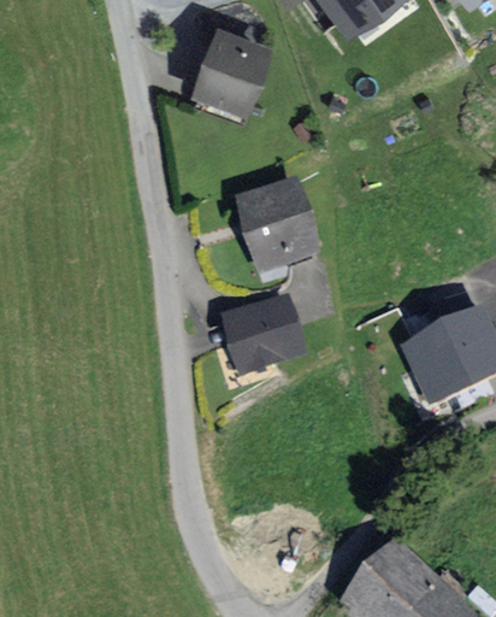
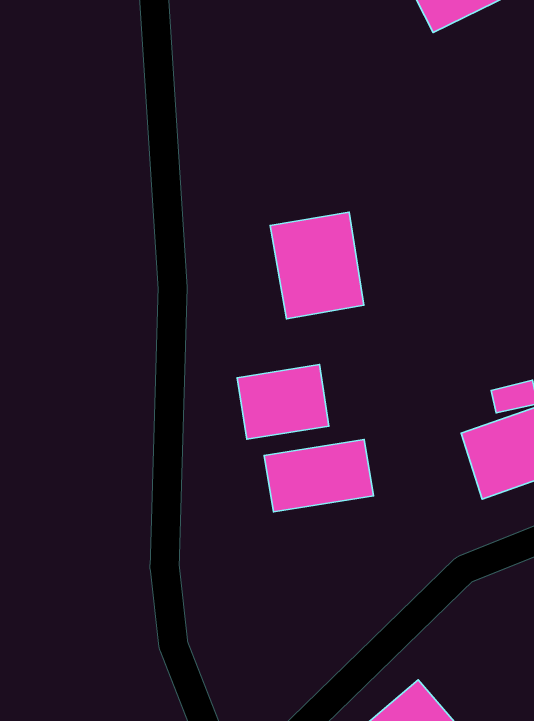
building: [194,31,268,111] -> none
building: none -> [264,440,373,512]

